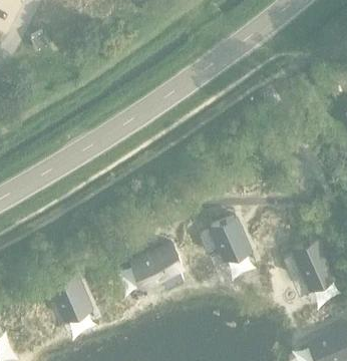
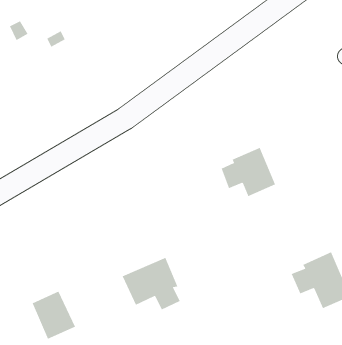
building: [201,220,250,264] -> [221,147,276,197]

